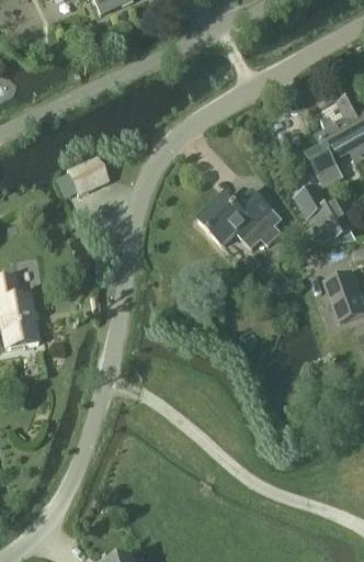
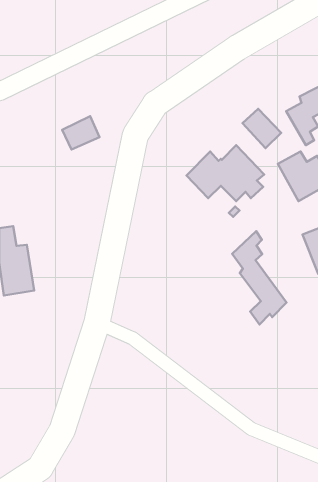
building: none -> [243,109,281,148]
building: none -> [232,231,286,324]

